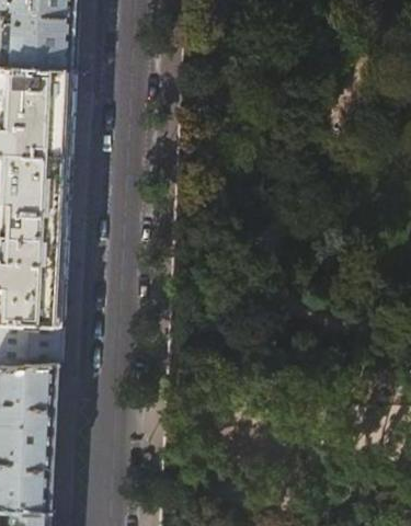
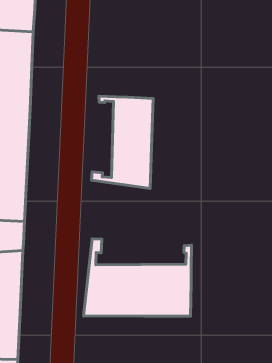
building: none -> [92,96,153,189]
building: none -> [84,239,191,316]

